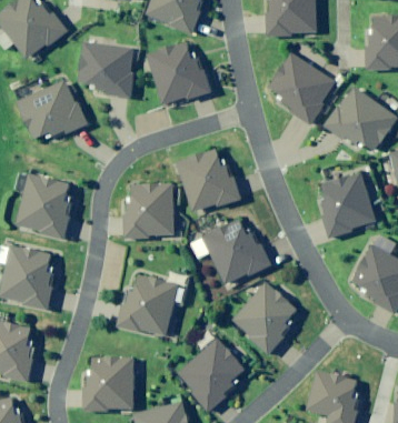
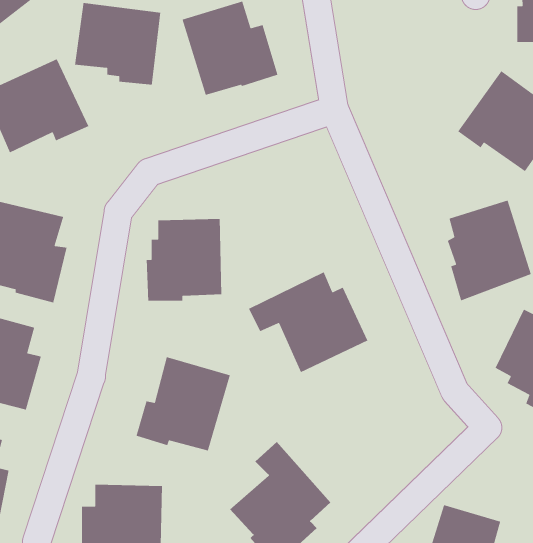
building: [266,51,335,123] -> none
building: [177,149,240,211] -> none
building: [232,281,297,354] -> none

